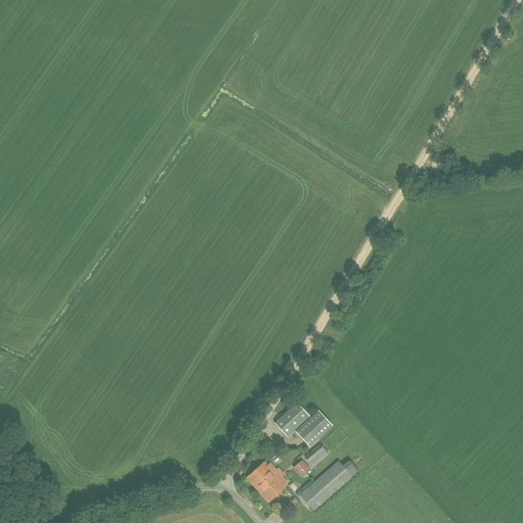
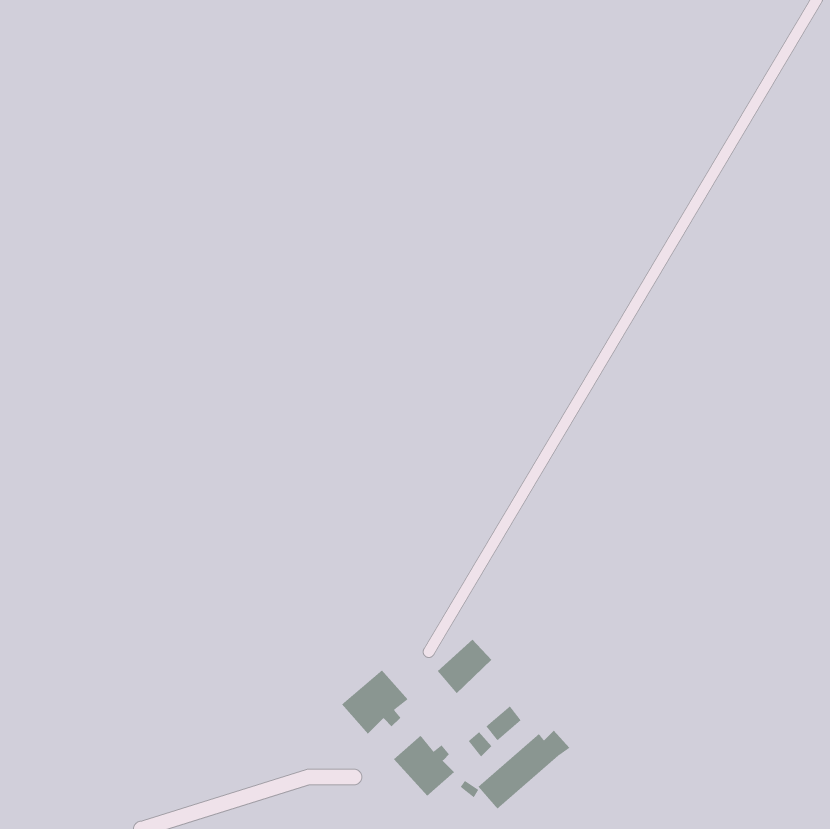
building: [295,410,333,446] -> none
building: none -> [341,669,408,734]

